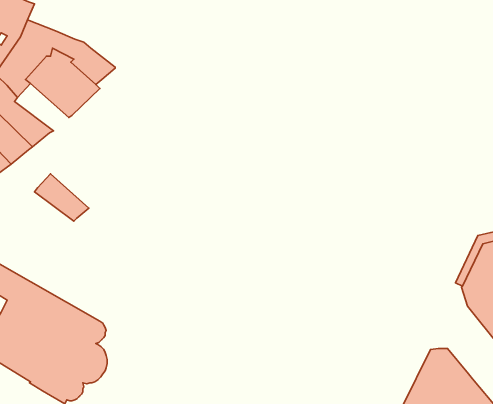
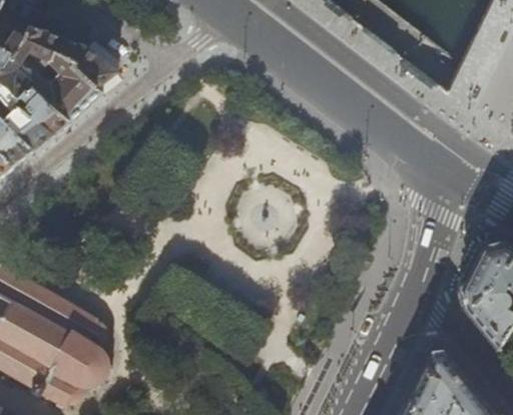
building: [34,174,89,221] -> [16,88,70,135]

